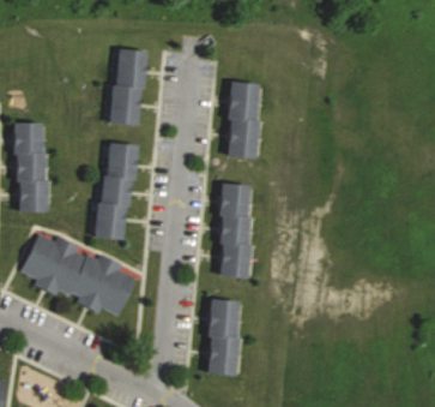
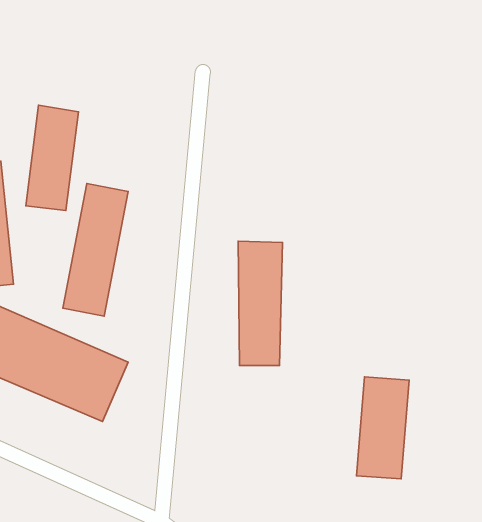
building: [108,49,147,128] -> [26,105,78,211]
building: [225,84,266,162] -> none
building: [205,299,244,376] -> [357,377,409,479]

